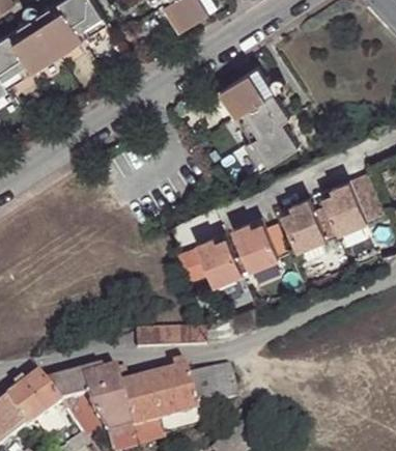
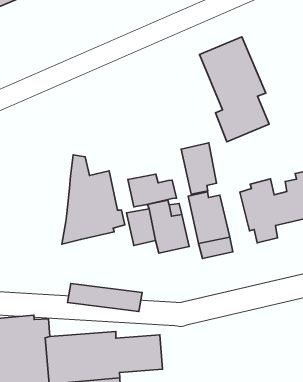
building: none -> [181,143,217,194]
building: none -> [62,155,125,244]
building: none -> [128,174,176,207]

